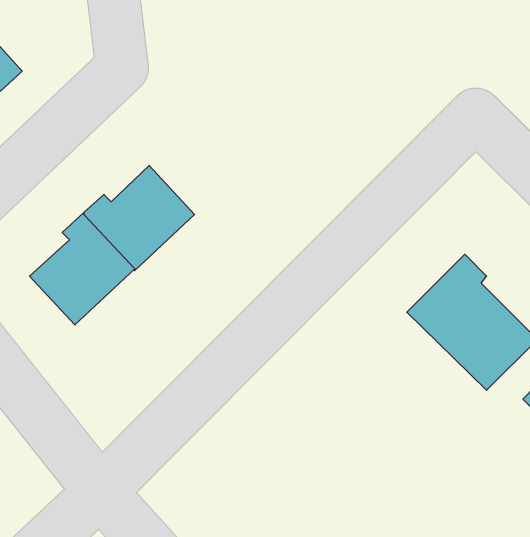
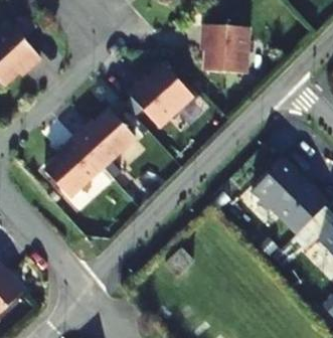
building: none -> [203,25,252,73]
building: none -> [129,67,193,129]

